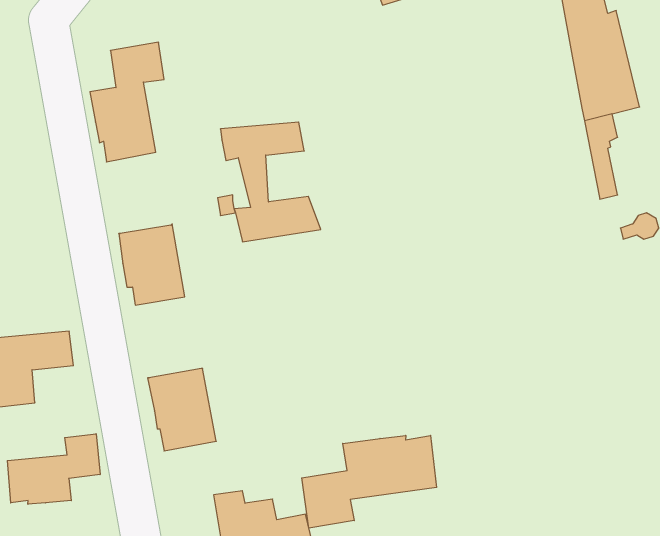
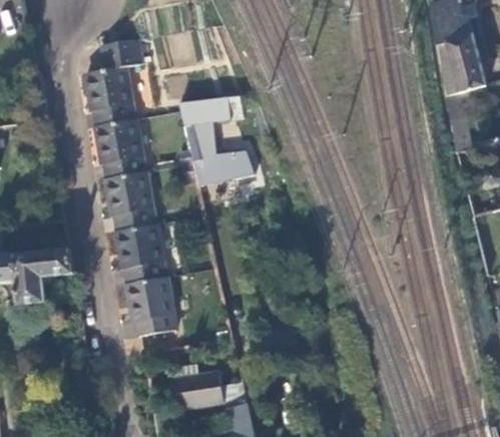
building: none -> [95,118,143,177]
building: none -> [115,224,165,283]
building: [7,434,100,504] -> none
building: [302,435,437,528] -> none

